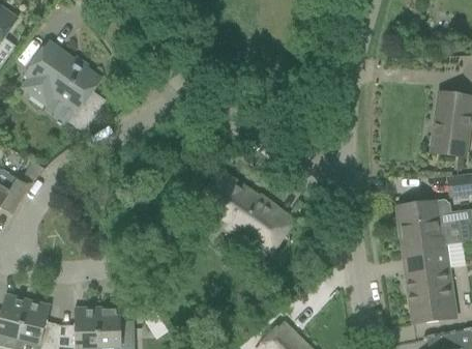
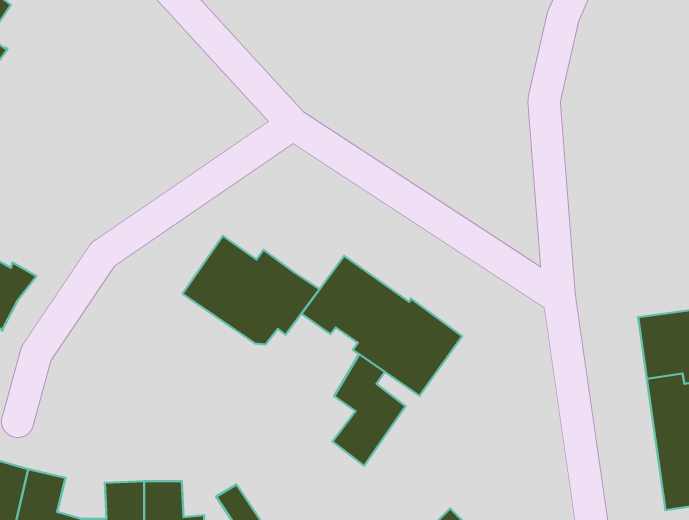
building: [22,41,107,132] -> none
building: none -> [183,236,320,344]
building: none -> [332,354,406,466]

